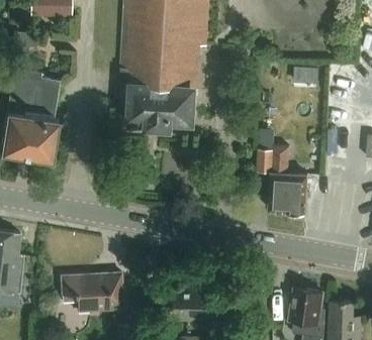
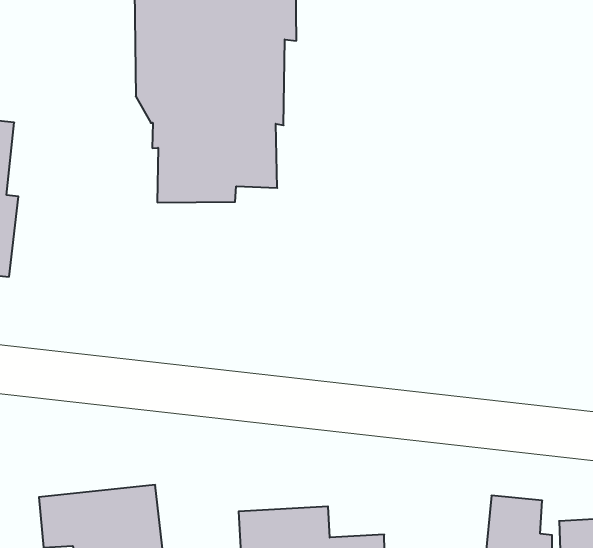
building: [257,145,308,214] -> none

